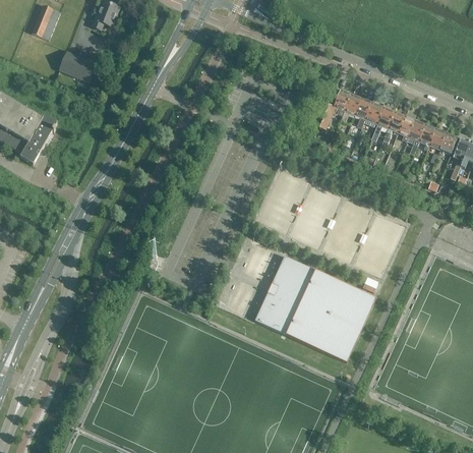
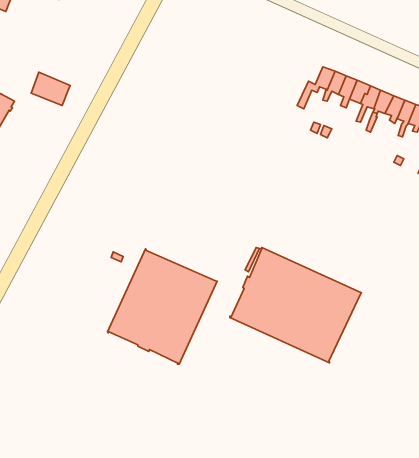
building: [60,50,96,80] -> [31,72,70,106]
building: none -> [108,249,217,364]

